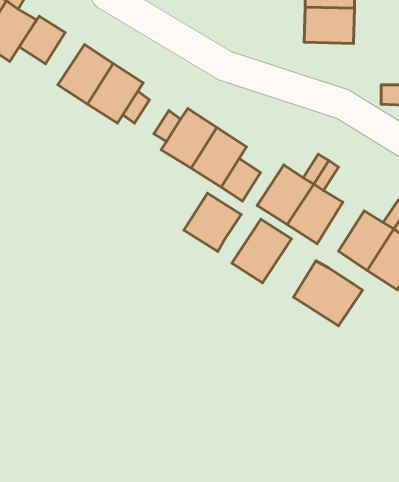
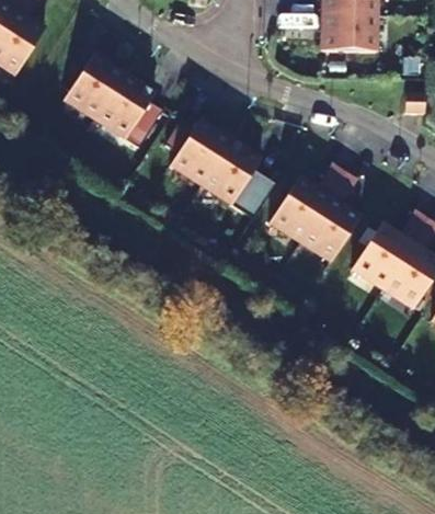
building: [19,16,65,64] -> none
building: [184,193,241,252] -> none
building: [232,219,291,283] -> none
building: [294,261,362,326] -> none

